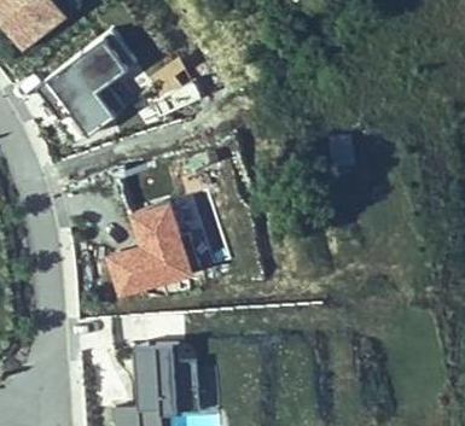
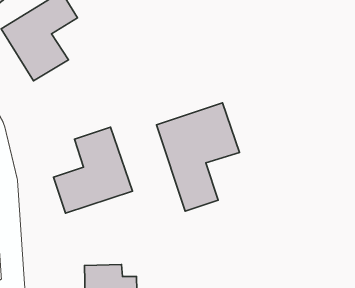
building: none -> [156,103,240,211]

